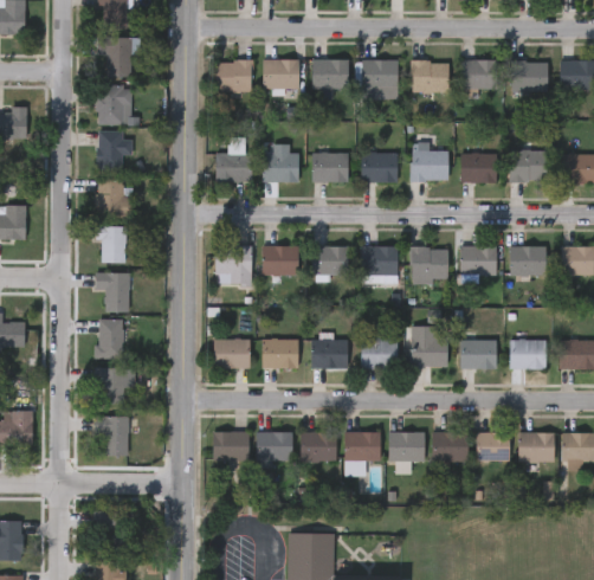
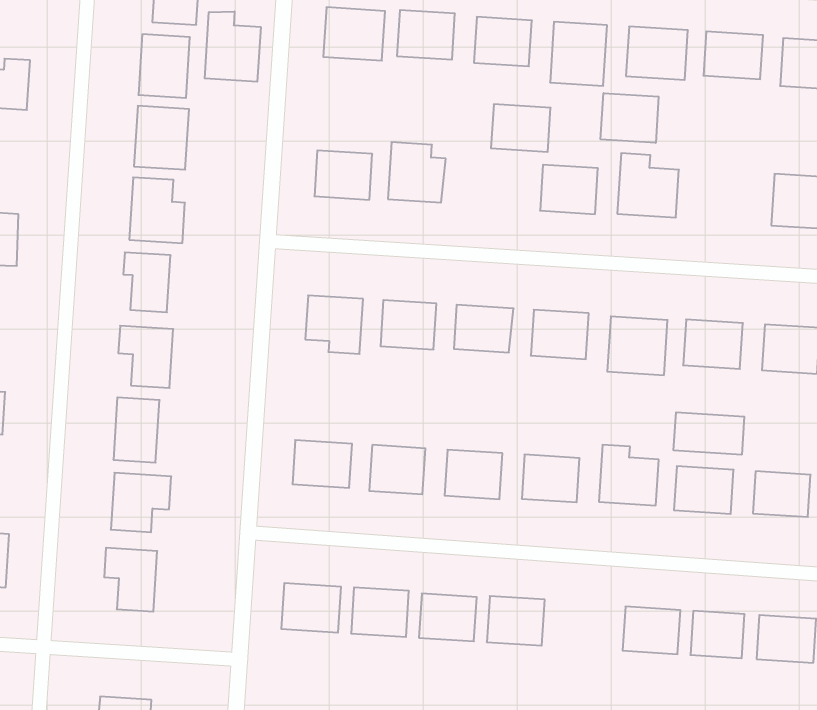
building: none -> [205,11,261,82]
building: none -> [601,93,659,143]
building: [312,153,349,181] -> [491,104,551,152]
building: [461,153,496,182] -> none
building: none -> [674,412,744,455]
building: [388,433,424,462] -> none

